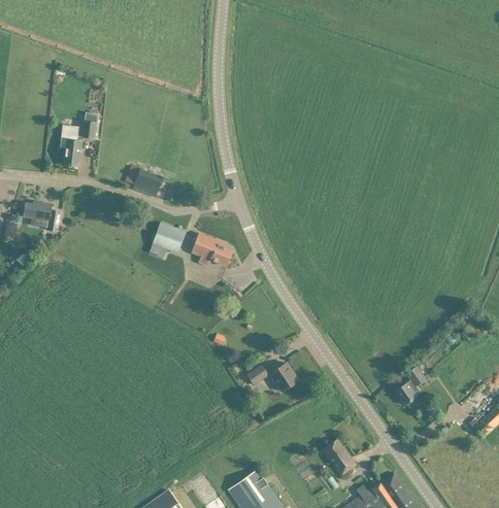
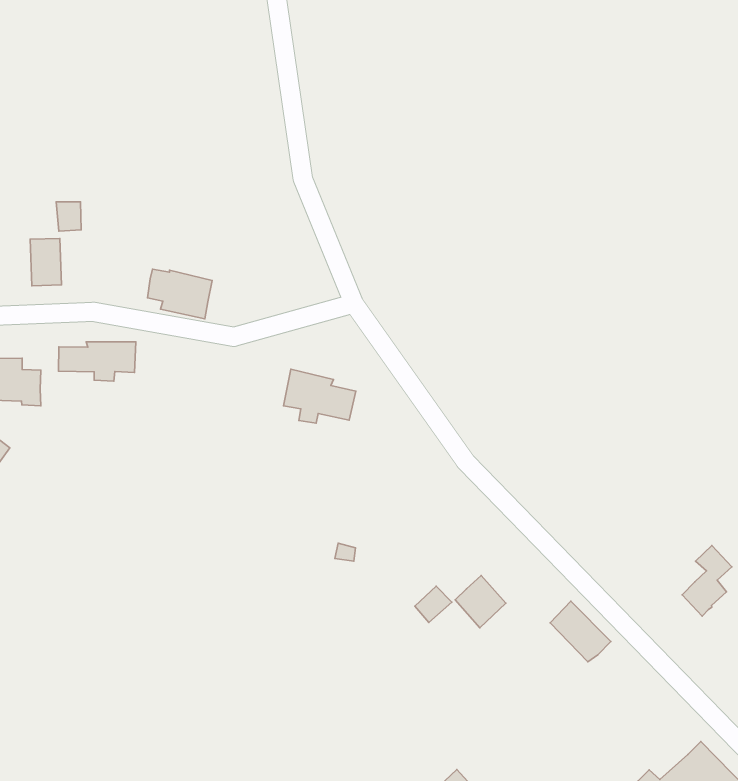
building: none -> [59,342,136,381]
building: [153,223,186,253] -> none
building: [324,439,356,474] -> [550,601,611,662]

